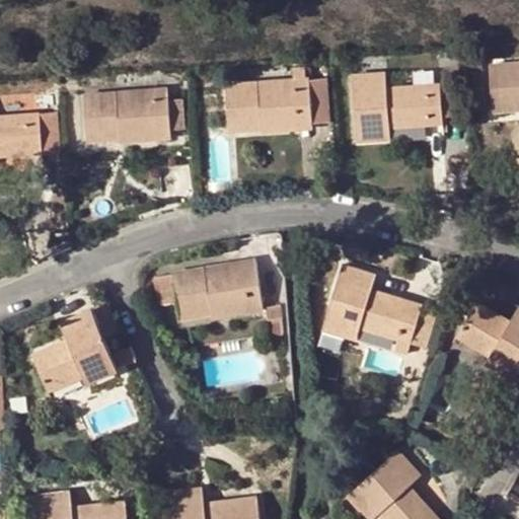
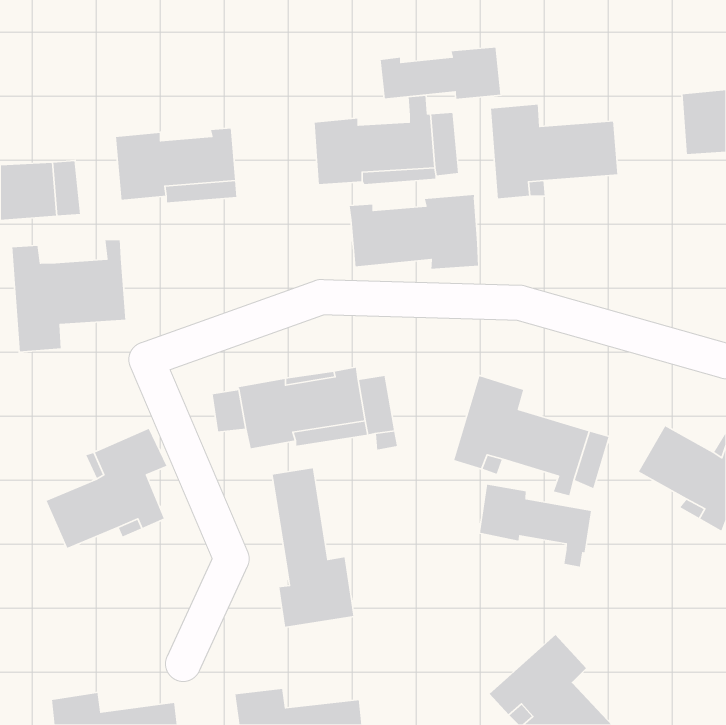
building: none -> [380,47,501,99]
building: none -> [349,194,479,270]
building: none -> [12,239,126,352]
building: none -> [272,468,354,628]
building: none -> [479,484,592,567]

